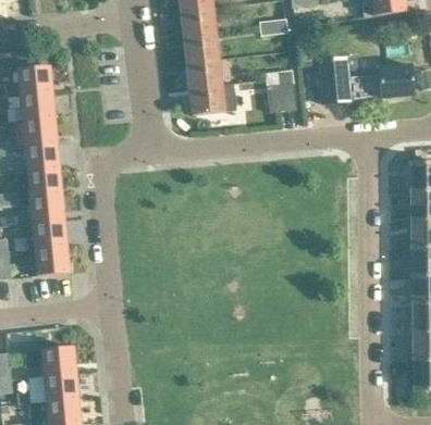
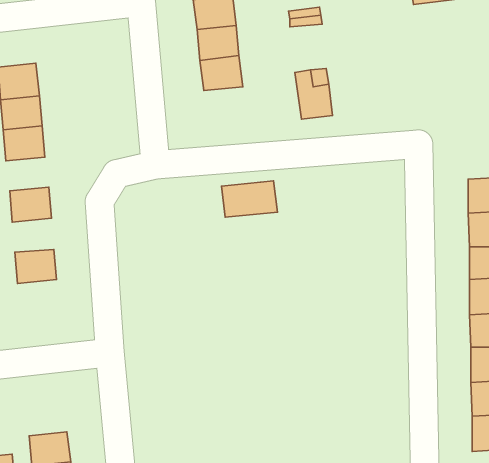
building: [318,58,414,103] -> none
building: [189,84,236,114] -> [221,181,277,217]
building: [24,143,60,172] -> none
building: [29,195,64,223] -> none
building: [34,246,70,275] -> none
building: [25,346,75,376] -> none

